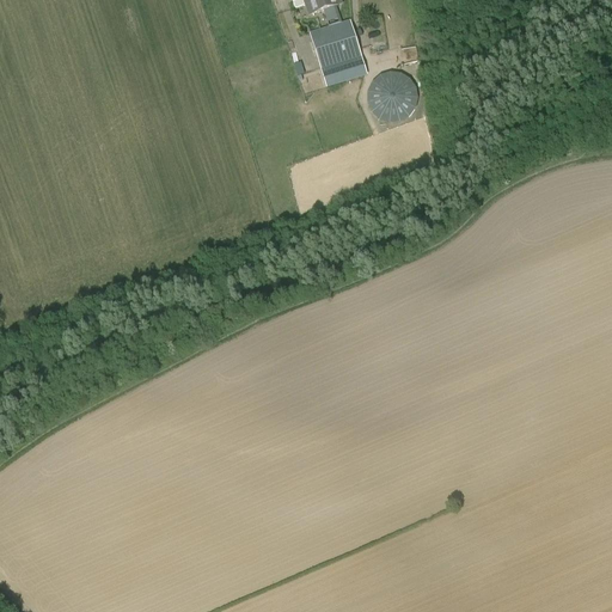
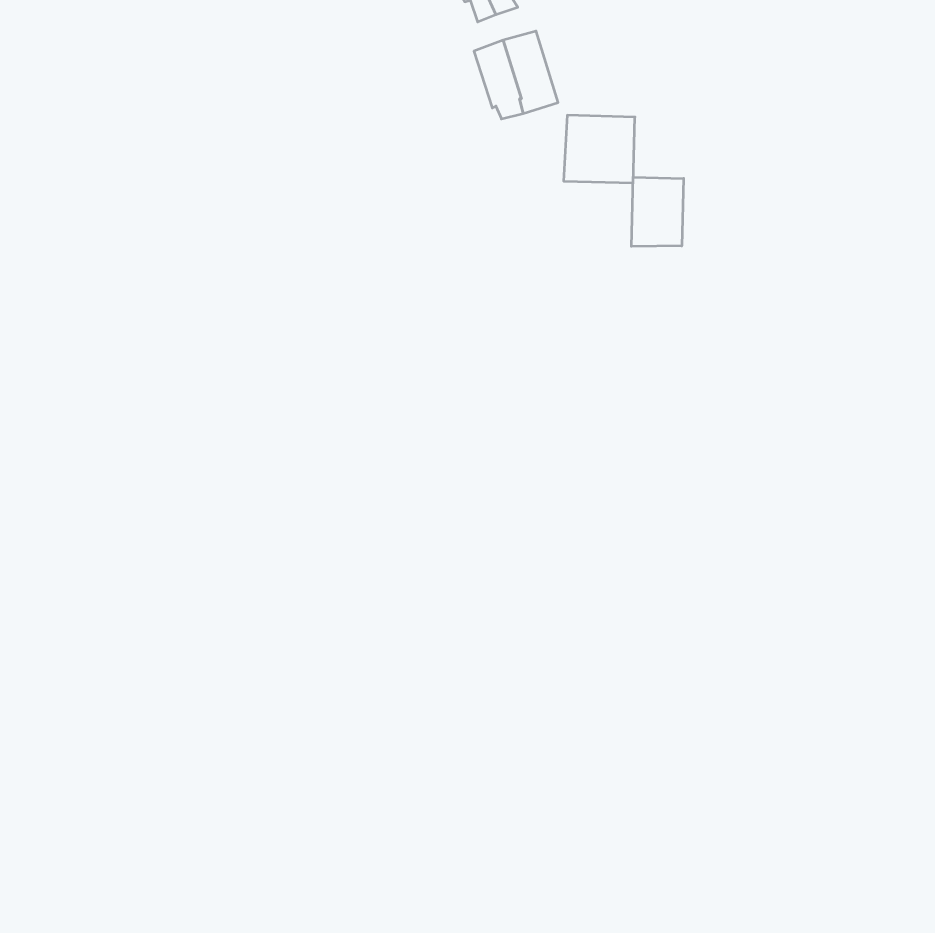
building: none -> [631,177,684,246]

